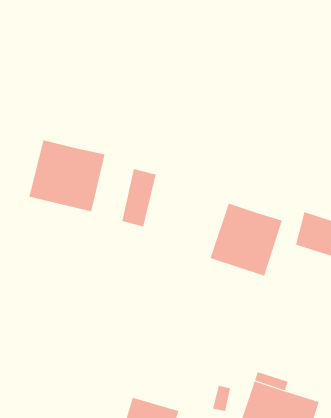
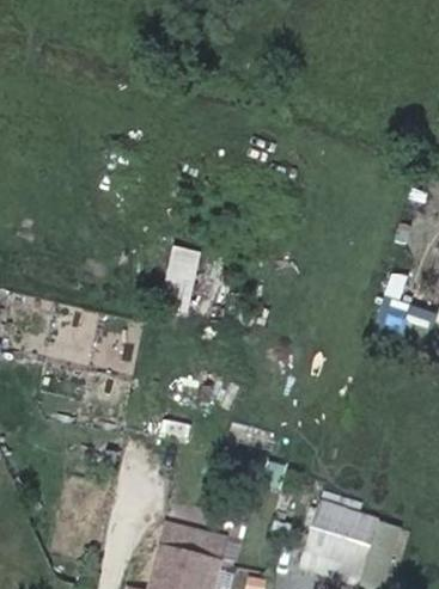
building: [29,139,105,212] -> none
building: [210,203,282,276] -> none

